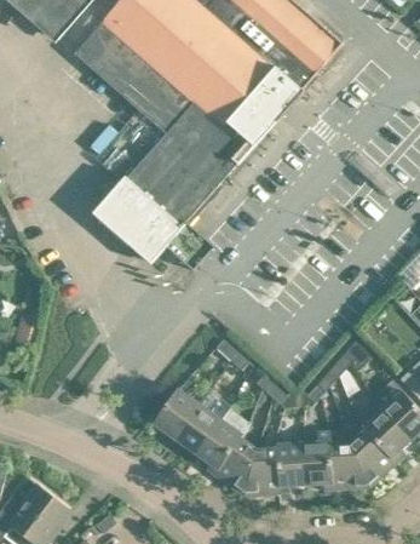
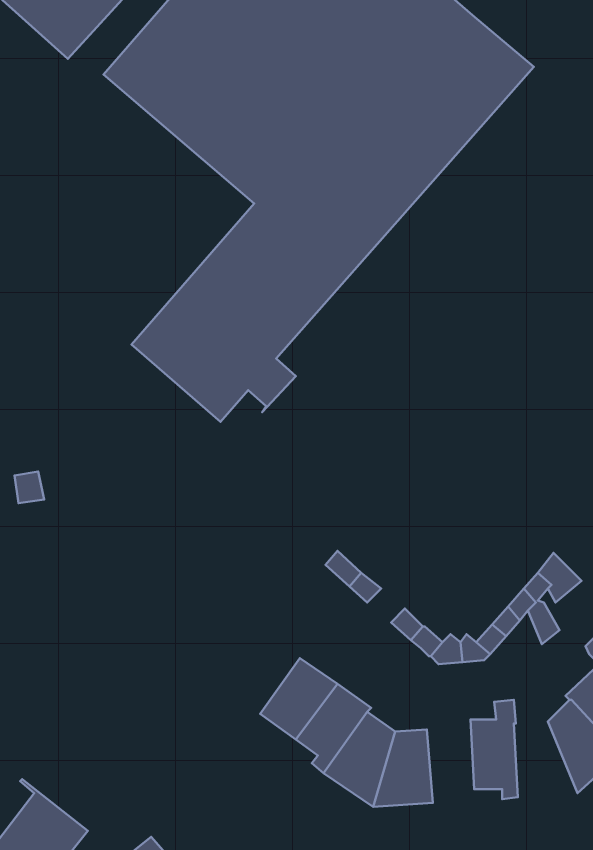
building: [151,389,199,439] -> none
building: [275,442,305,493] -> none
building: [329,443,368,489] -> none

